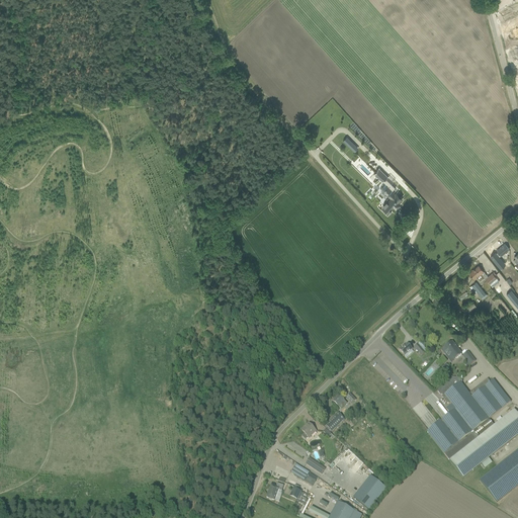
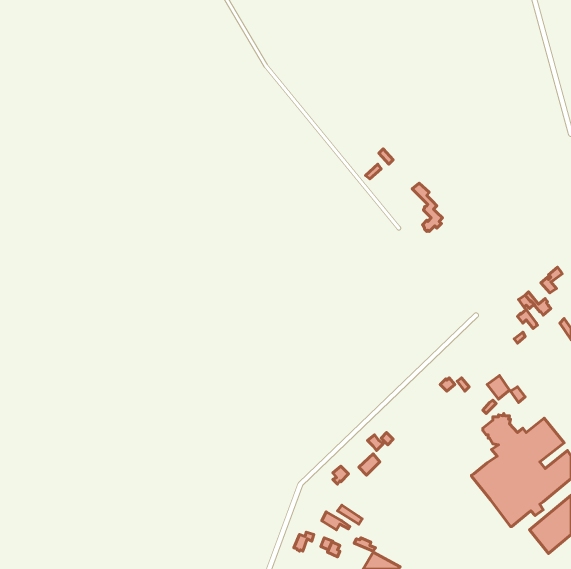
building: [353,474,385,509] -> none

